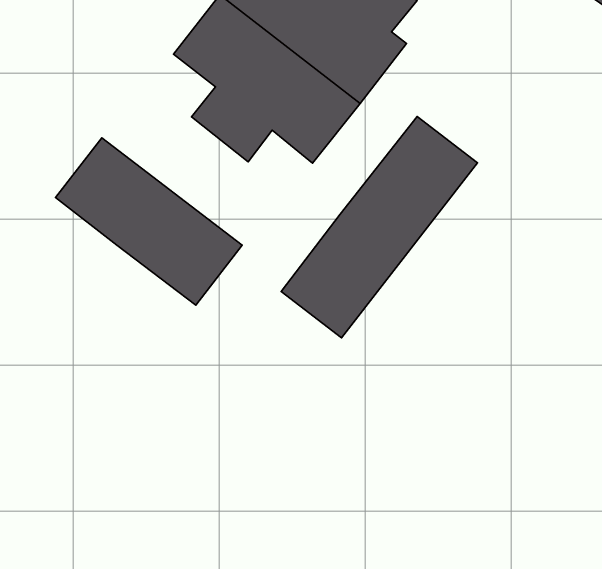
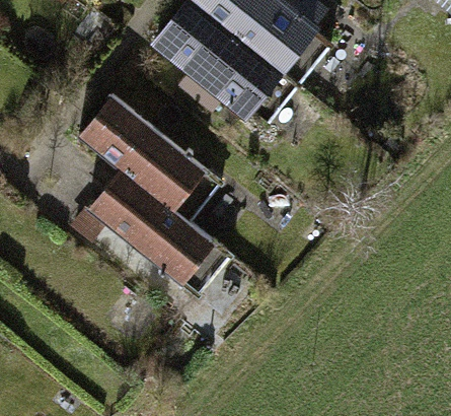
building: [281,116,478,338] -> none
building: none -> [90,170,216,284]

